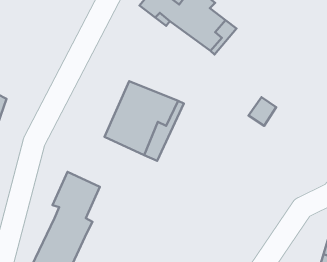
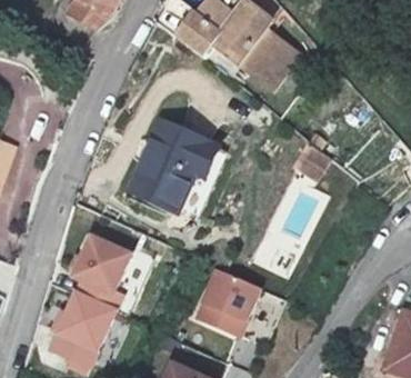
building: none -> [194,262,259,329]

